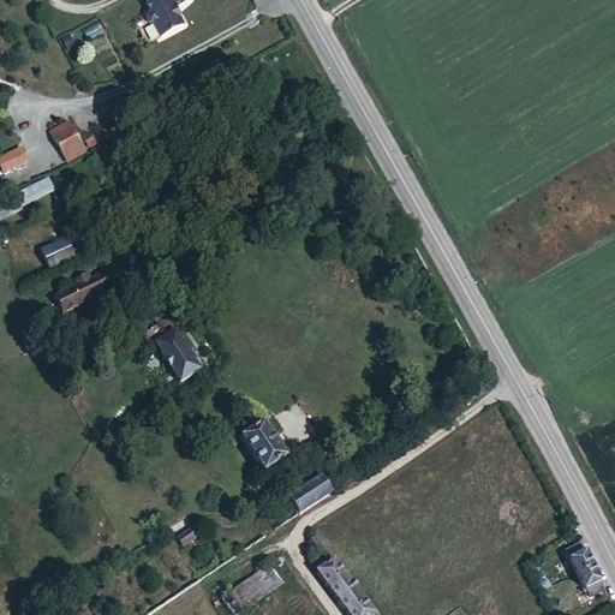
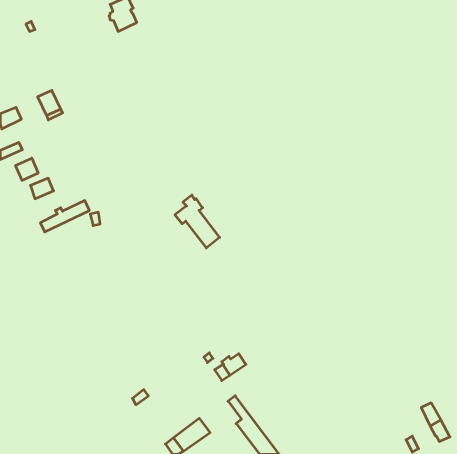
building: none -> [16,158,38,180]
building: [148,316,208,387] -> [175,195,220,248]
building: [240,420,286,470] -> none

